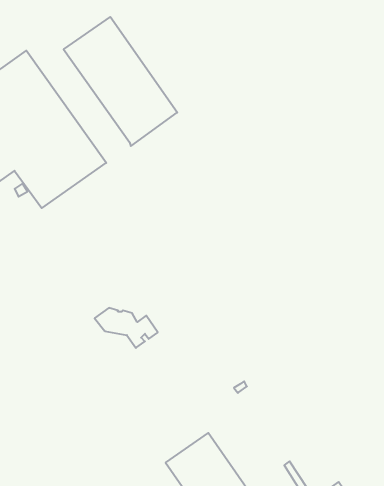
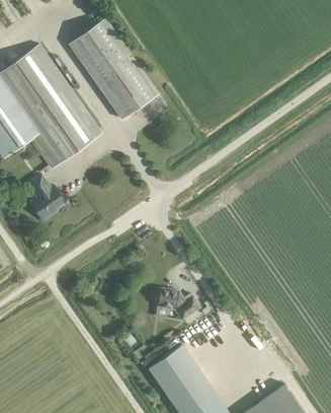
building: none -> [28,175,65,220]
building: [95,308,158,348] -> [150,288,199,320]

